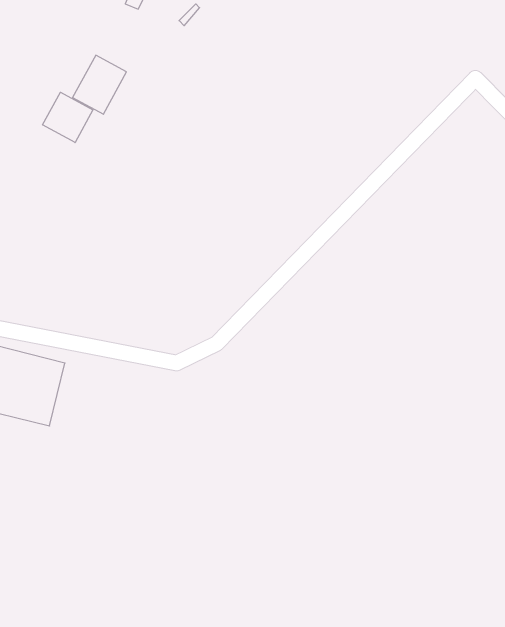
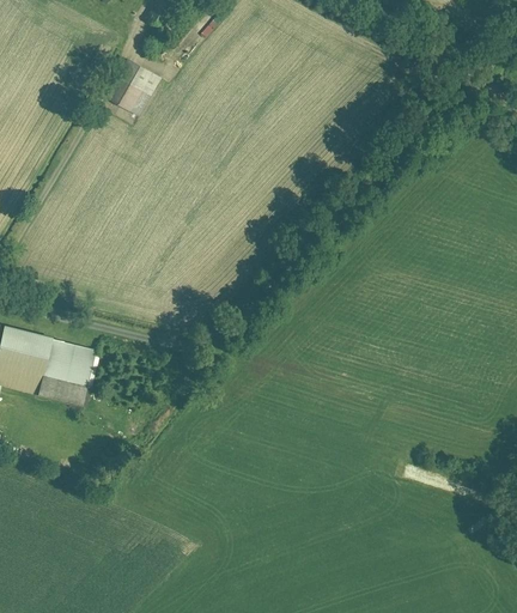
building: [43,92,93,143] -> none

